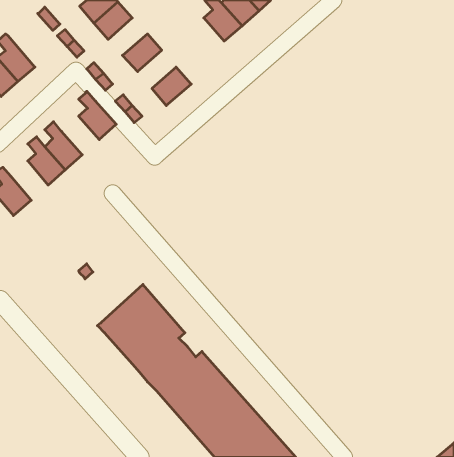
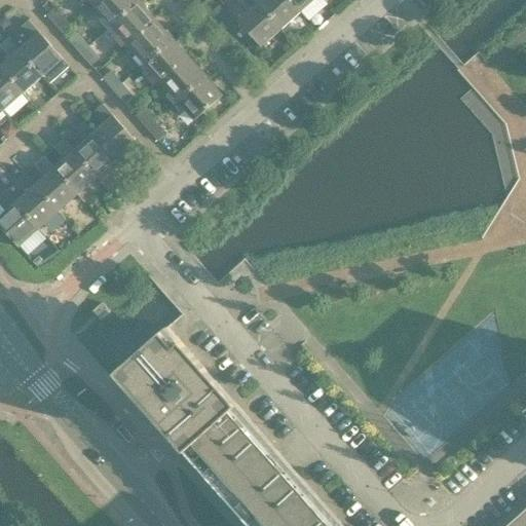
building: none -> [9,21,66,84]
building: none -> [124,21,170,64]
building: none -> [158,58,202,102]
building: none -> [71,122,114,178]
building: none -> [12,175,55,230]

